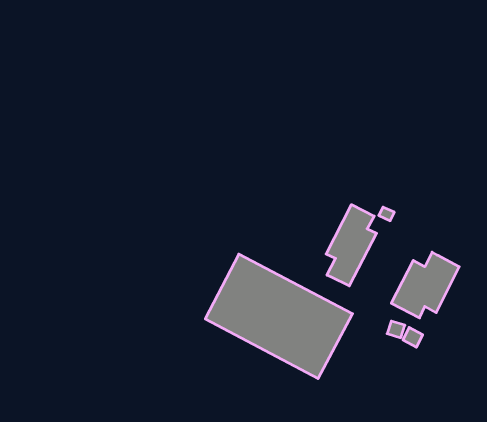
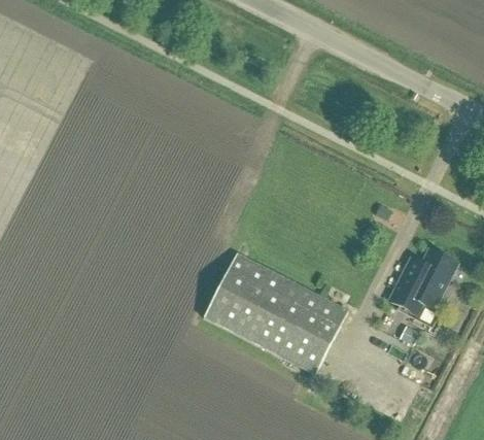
building: [326,205,377,286] -> none

